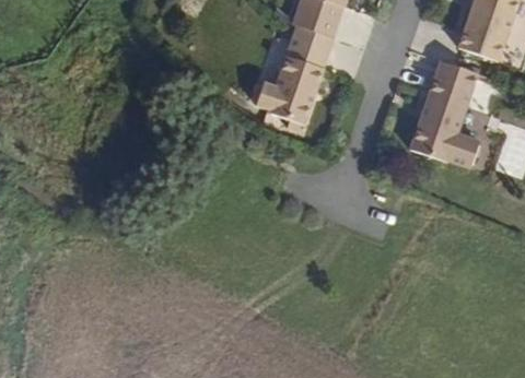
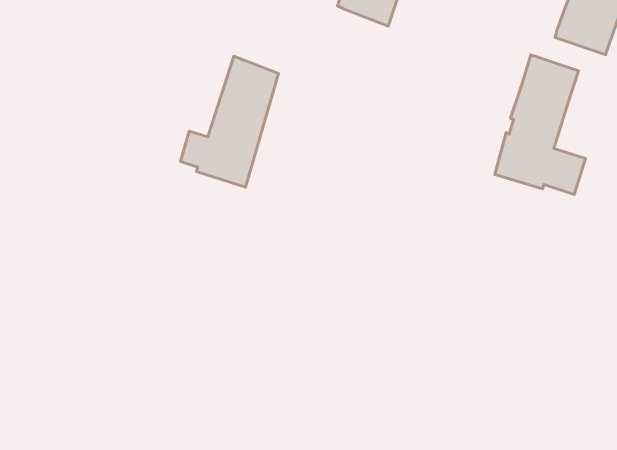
building: [257,24,331,123] -> [181,56,279,187]

